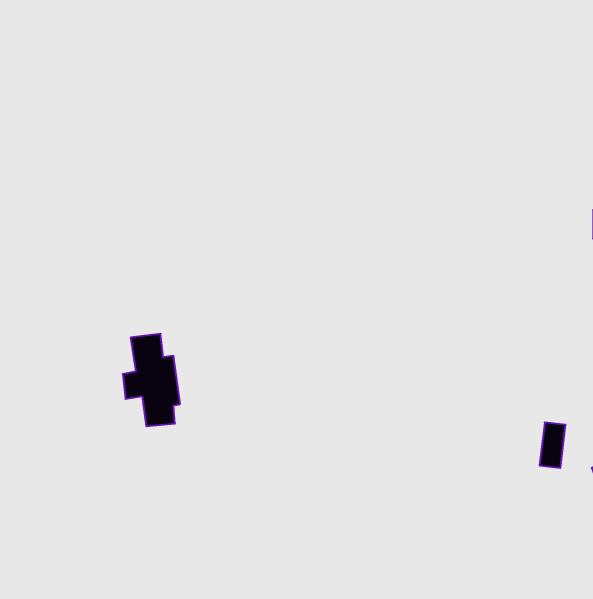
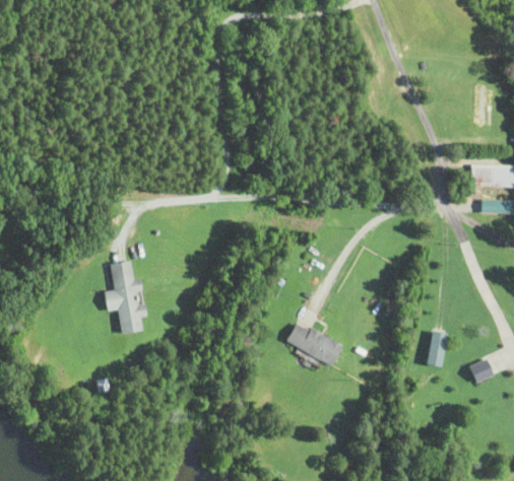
building: none -> [286,323,343,366]

